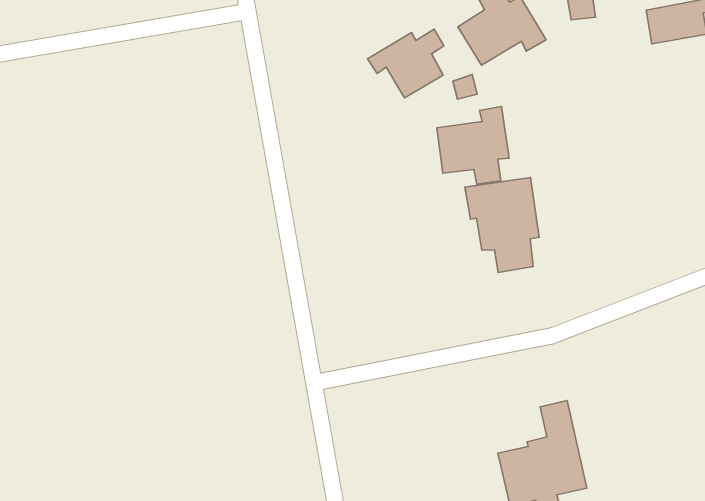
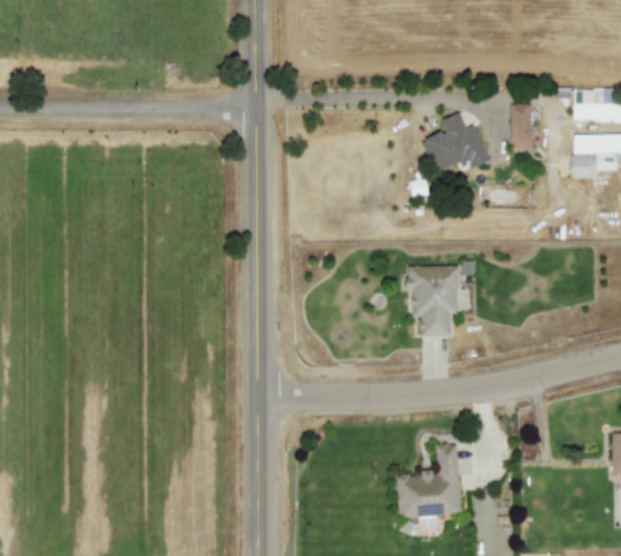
building: [368,29,444,98] -> none
building: [437,107,509,184] -> none

